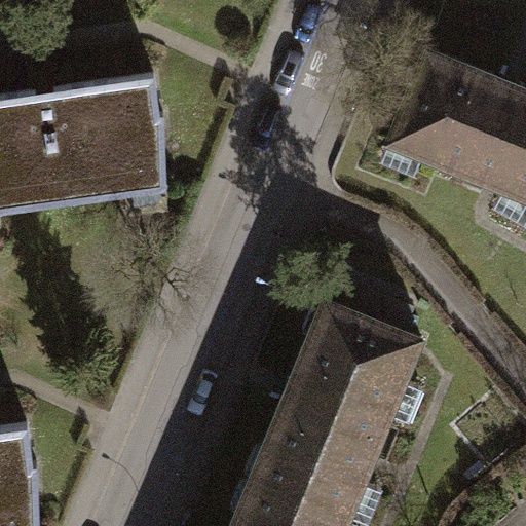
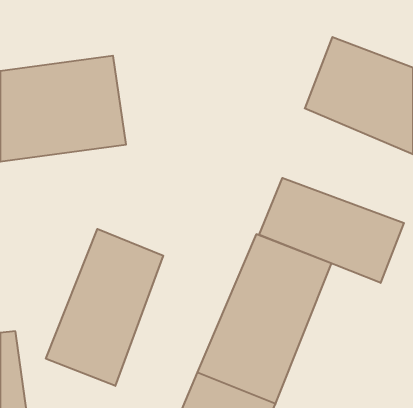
building: none -> [259,178,404,283]
building: none -> [46,229,163,386]

